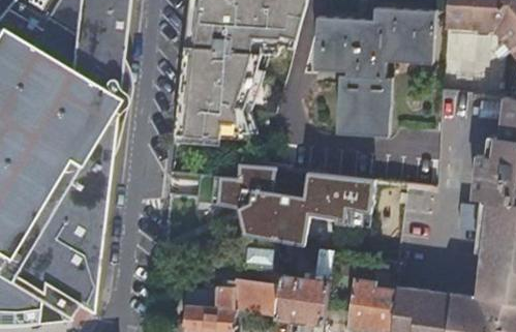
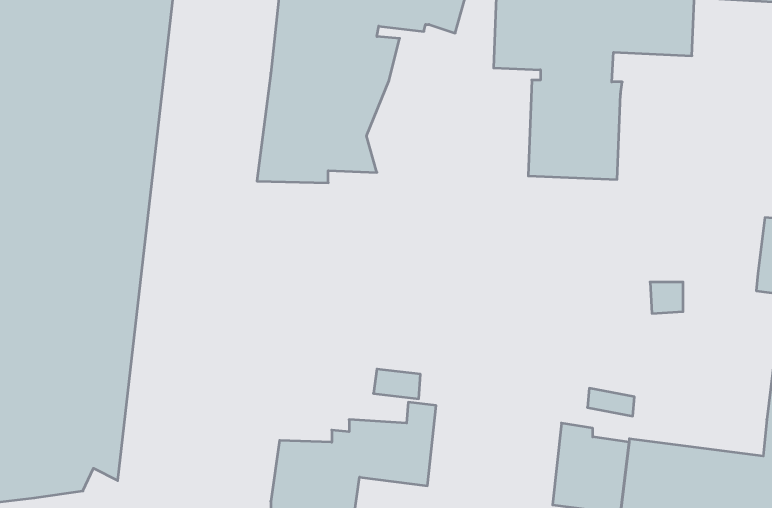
building: [211,162,374,247] -> none
building: [276,249,334,323] -> none

